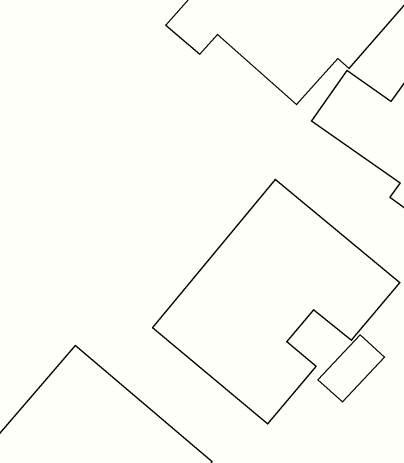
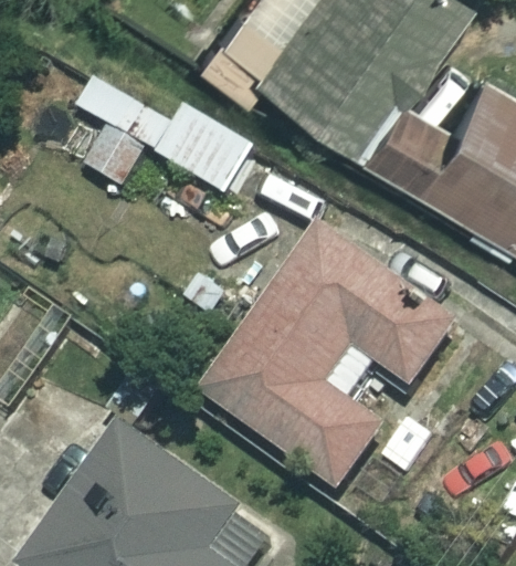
building: none -> [67,60,249,201]

